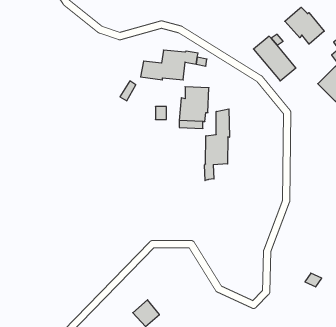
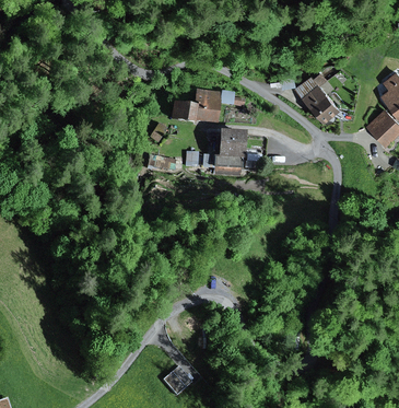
building: [285,7,324,44] -> none
building: [205,109,229,181] -> none

